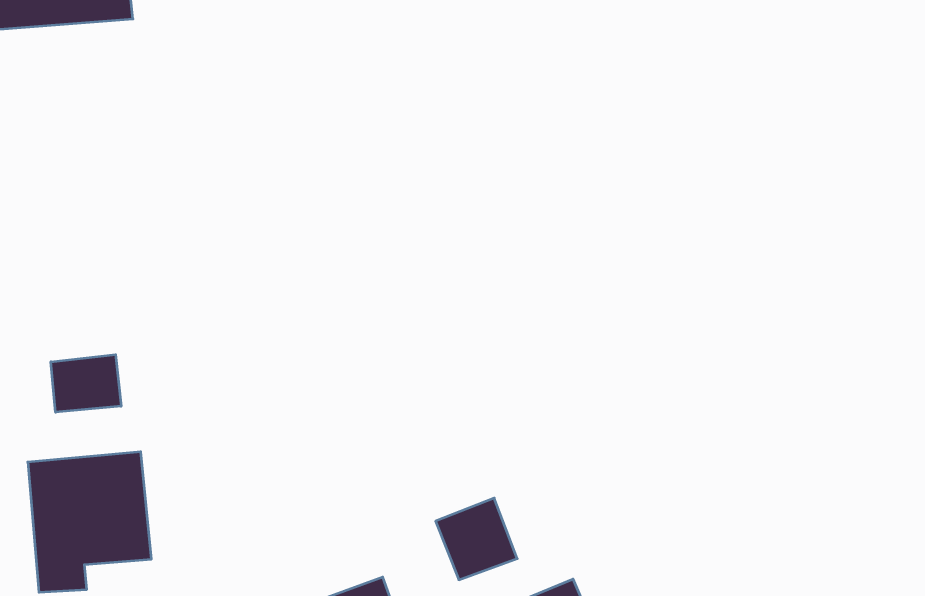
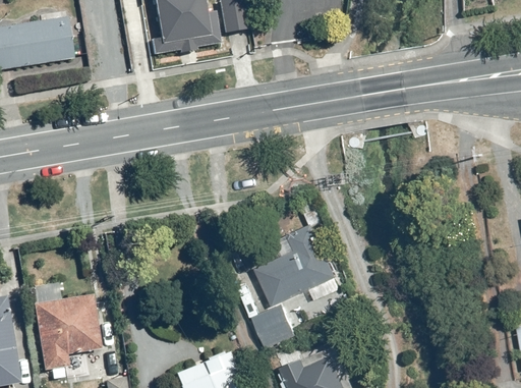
building: [51,355,121,412] -> none
building: none -> [257,231,335,304]

